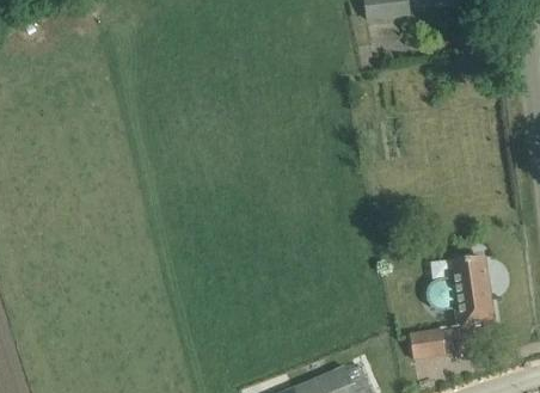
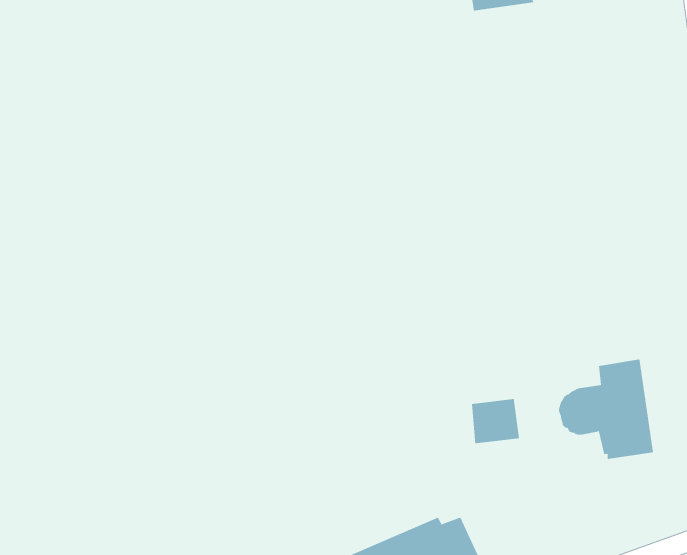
building: [411,328,444,360] -> [471,399,520,444]

